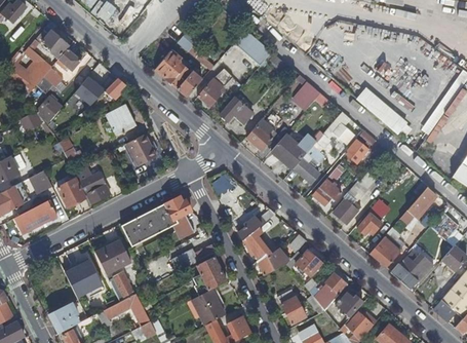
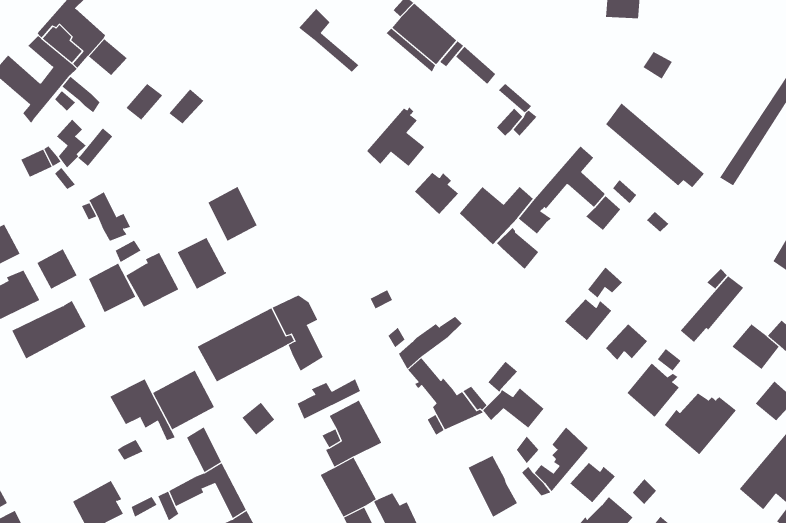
building: [154,48,201,96] -> none
building: [197,71,227,106] -> none
building: [106,105,134,136] -> [177,236,227,289]
building: [312,178,341,204] -> none

